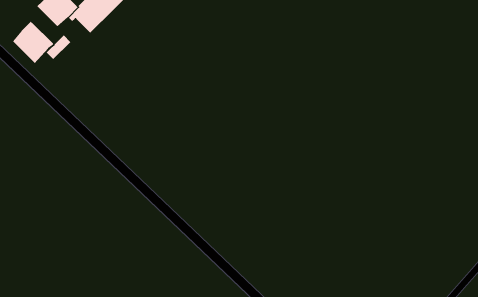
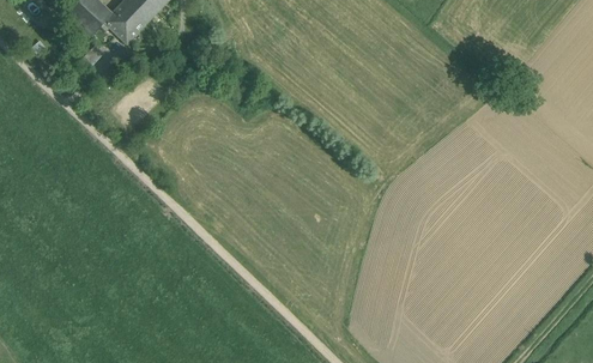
building: [12,21,54,64] -> none

